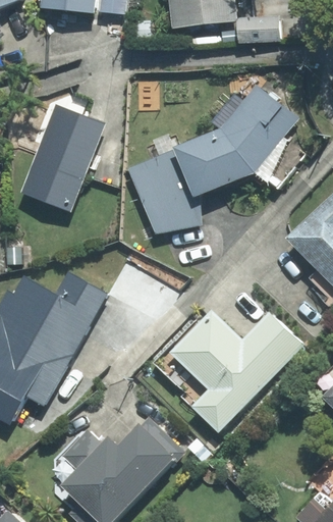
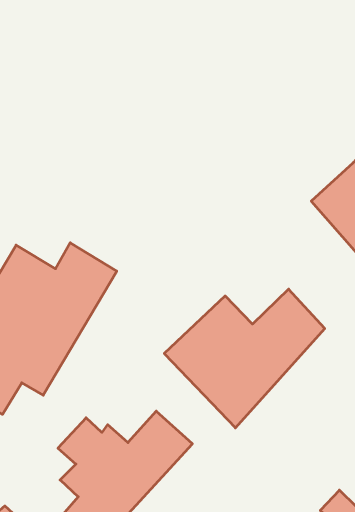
building: [120,71,299,237] -> none
building: [20,104,98,210] -> none

